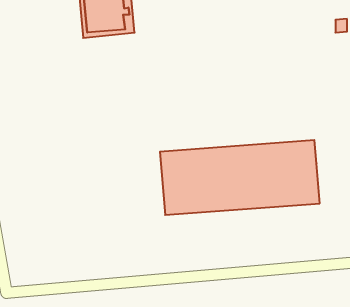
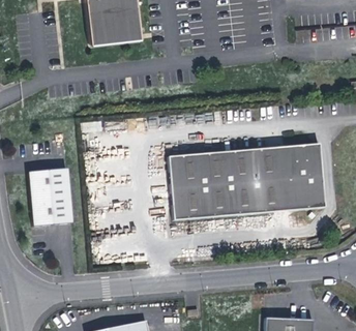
building: none -> [29,169,72,225]

